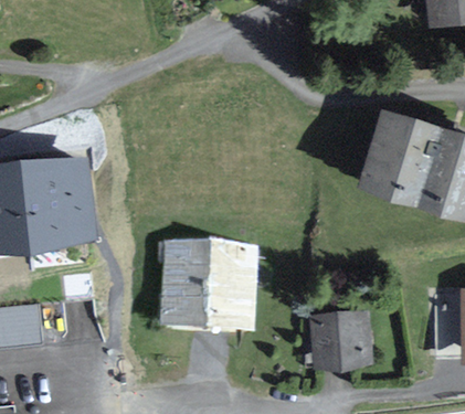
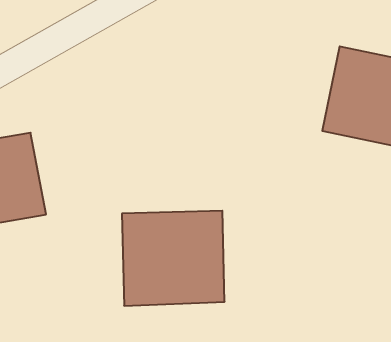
building: [310,312,370,367] -> none

